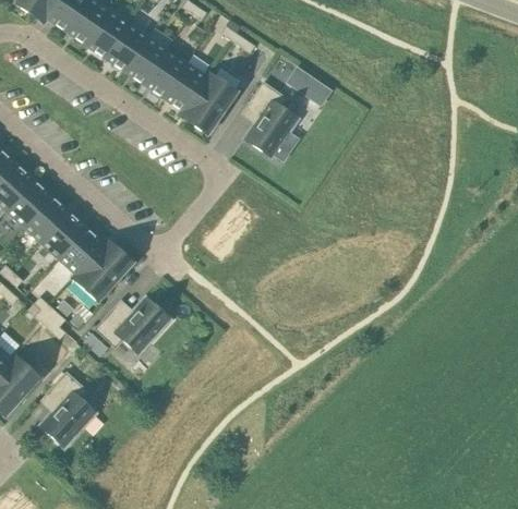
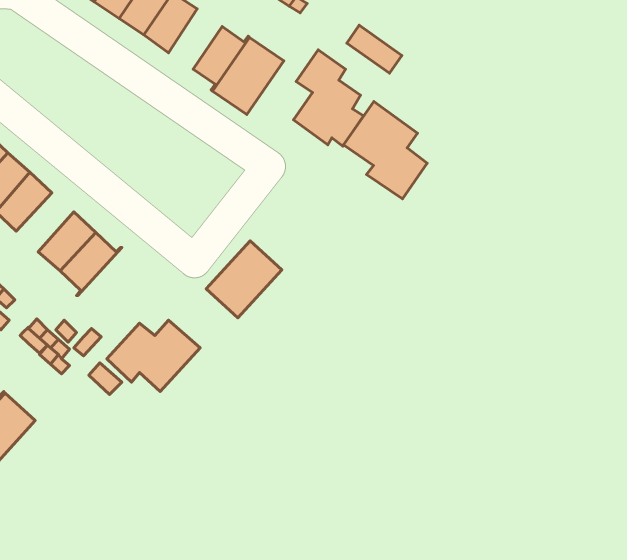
building: [145,50,188,98] -> none
building: none -> [344,102,427,199]
building: [24,196,70,243] -> none
building: [73,240,133,301] -> [206,241,282,318]
building: [40,373,96,448] -> none

